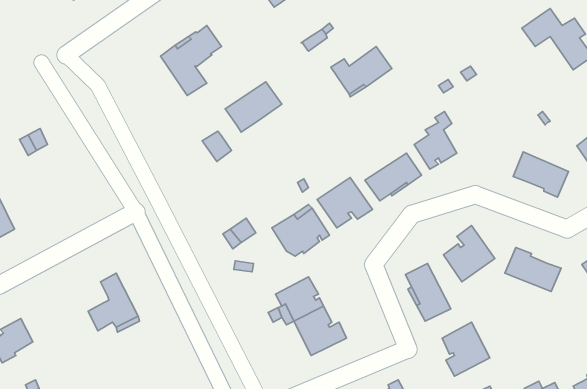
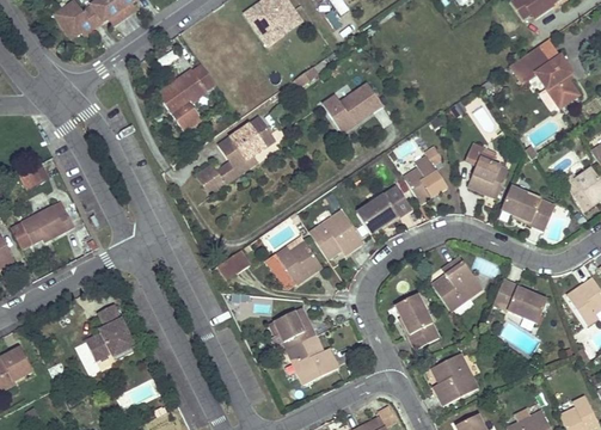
building: none -> [465,141,509,198]
building: none -> [216,154,258,184]
building: none -> [11,202,73,248]

